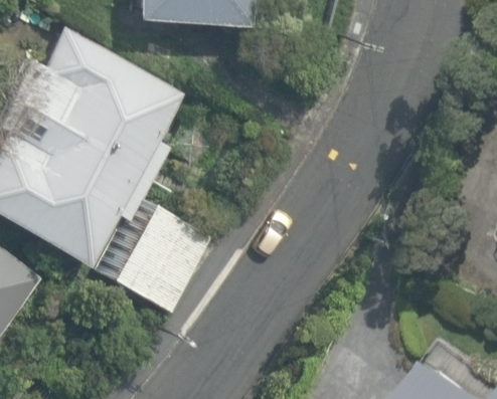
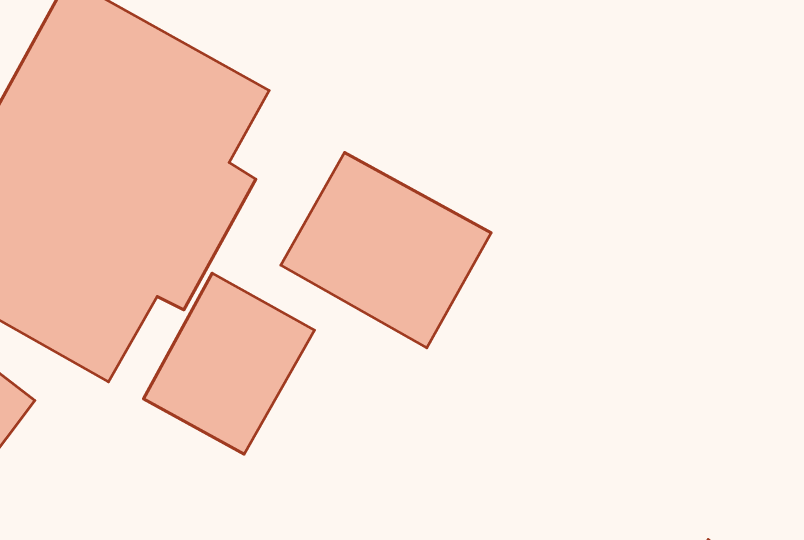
building: none -> [281,153,491,348]

